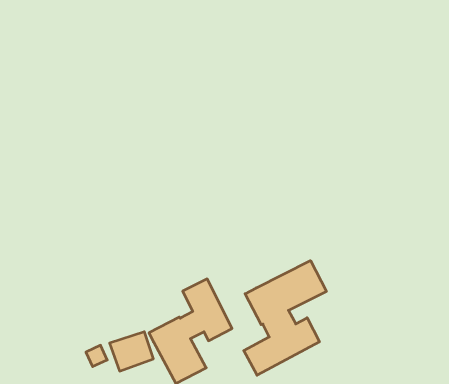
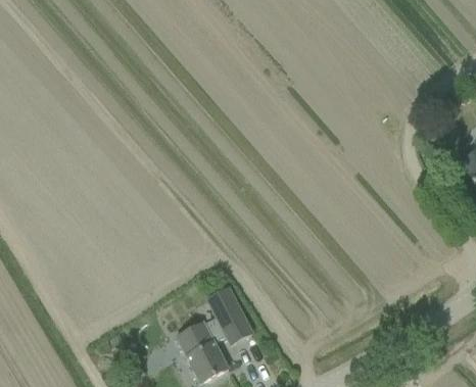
building: [244,261,326,375] -> none

